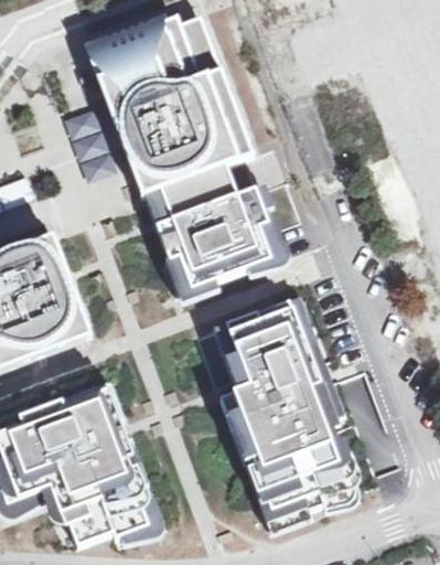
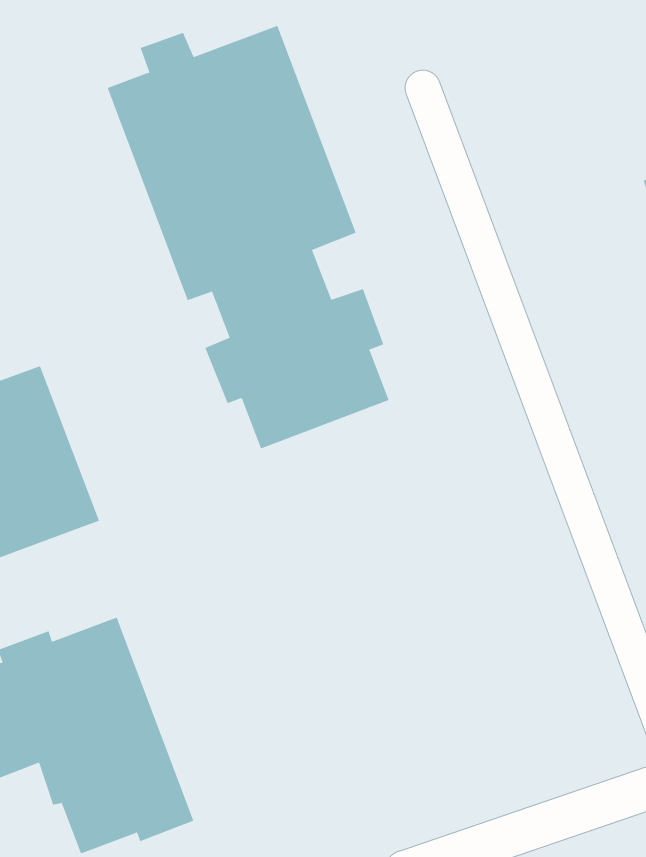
building: [222,298,347,516] -> none

